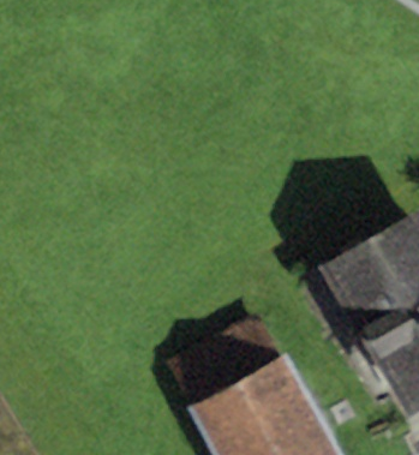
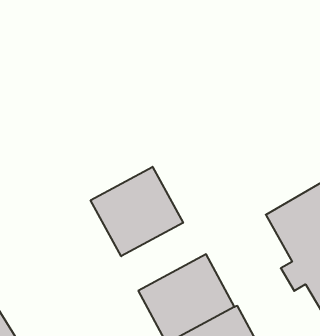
building: none -> [91,167,183,256]

